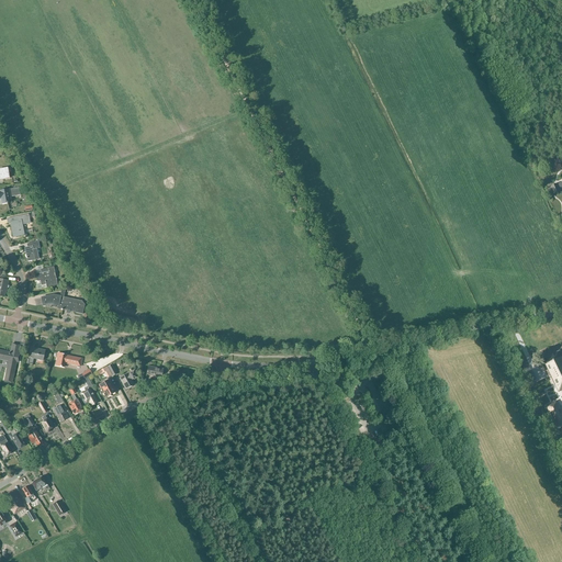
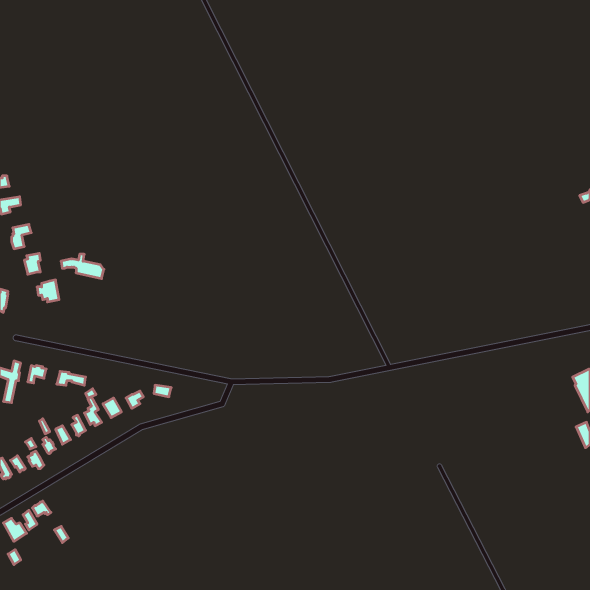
building: [43,290,83,313] -> [61,254,104,279]

